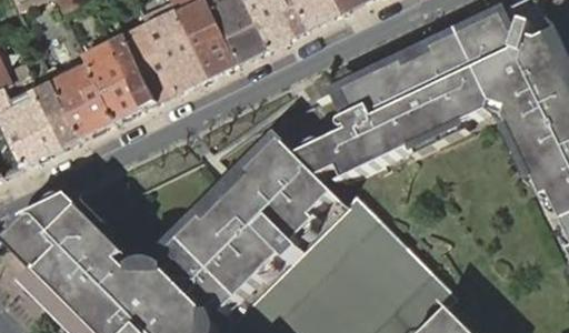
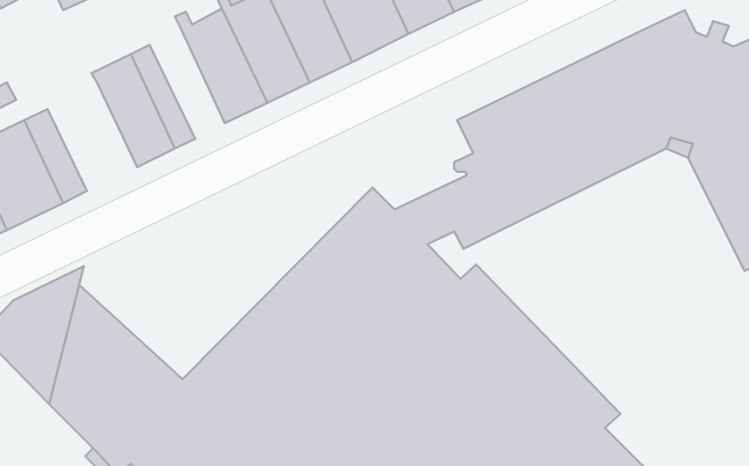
building: [120,23,173,101] -> none
building: [42,62,111,138] -> none

